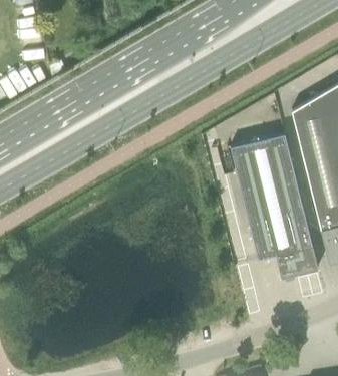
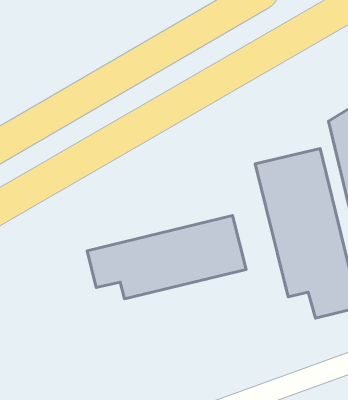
building: none -> [87,215,246,299]

